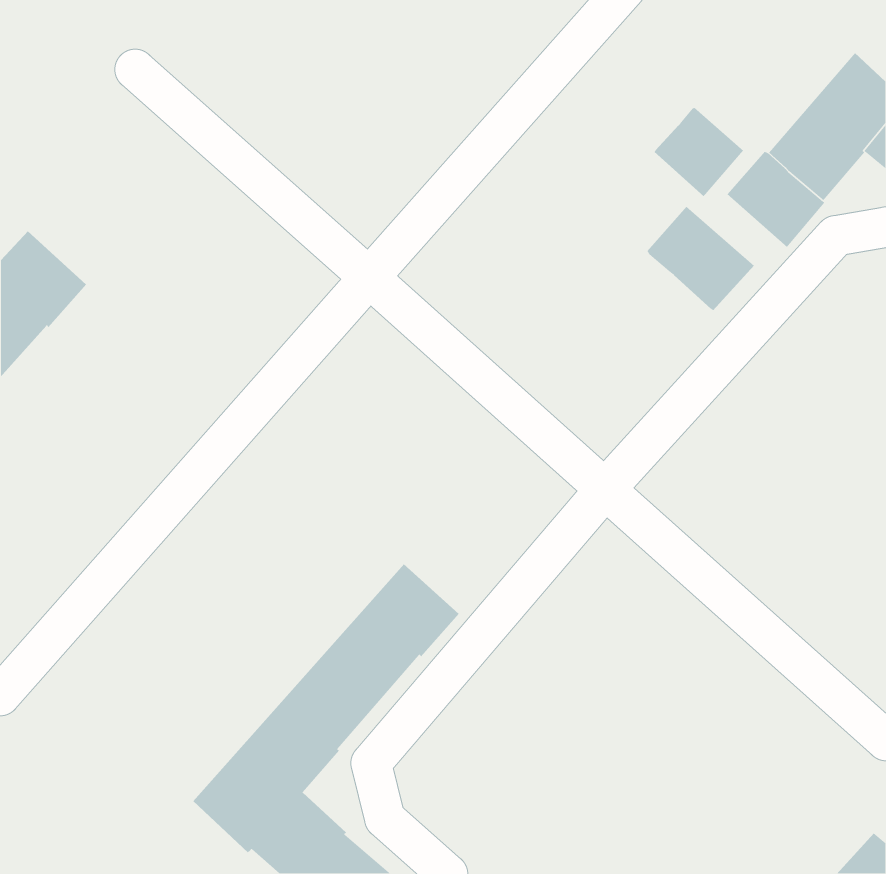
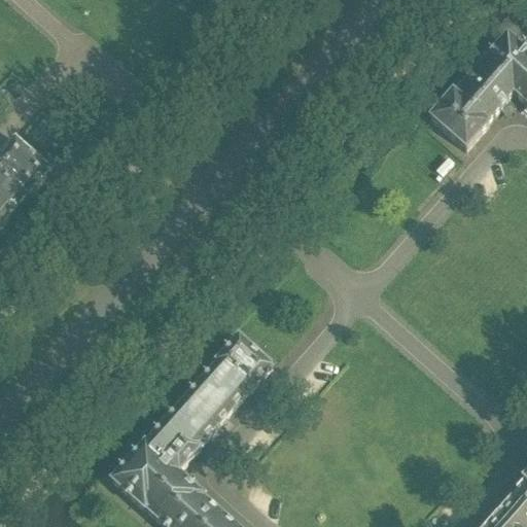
building: [654,107,744,197] -> none
building: [647,206,755,311] -> none

